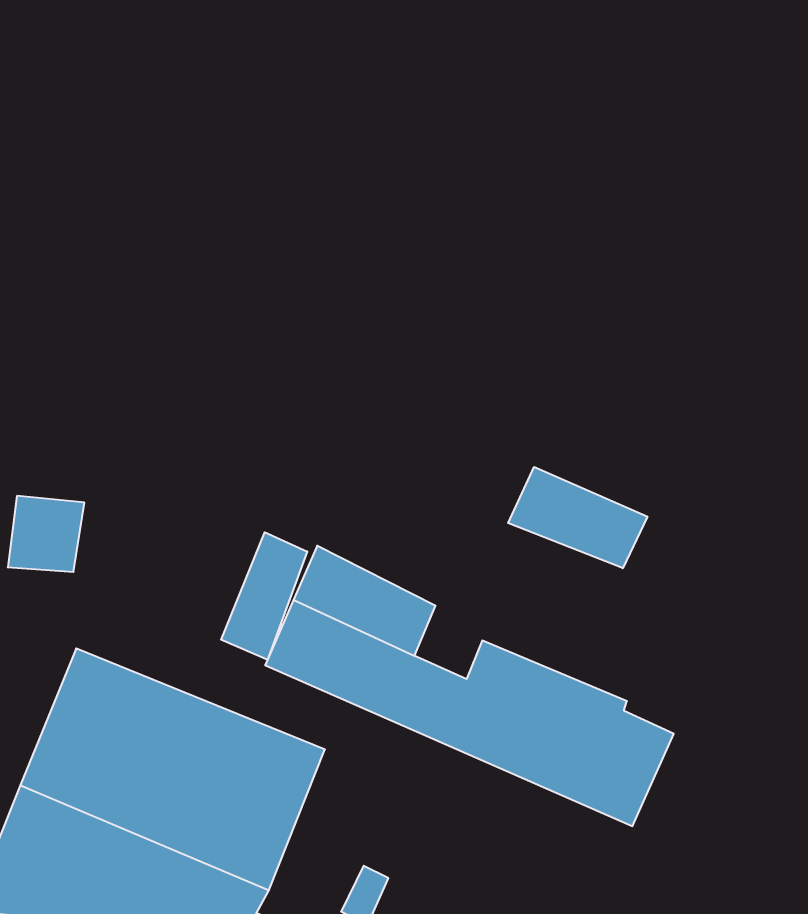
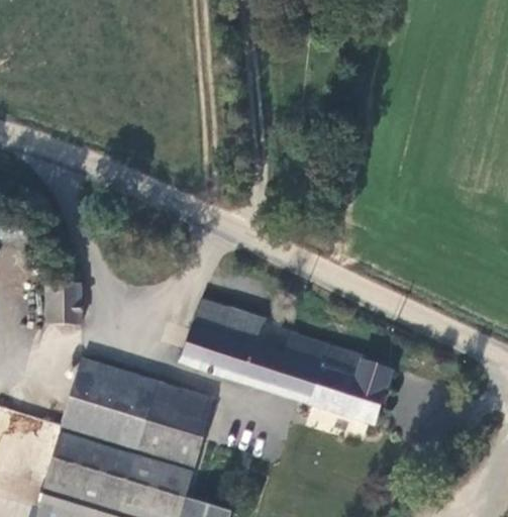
building: [508,467,647,568] -> none
building: [221,532,307,660] -> none

